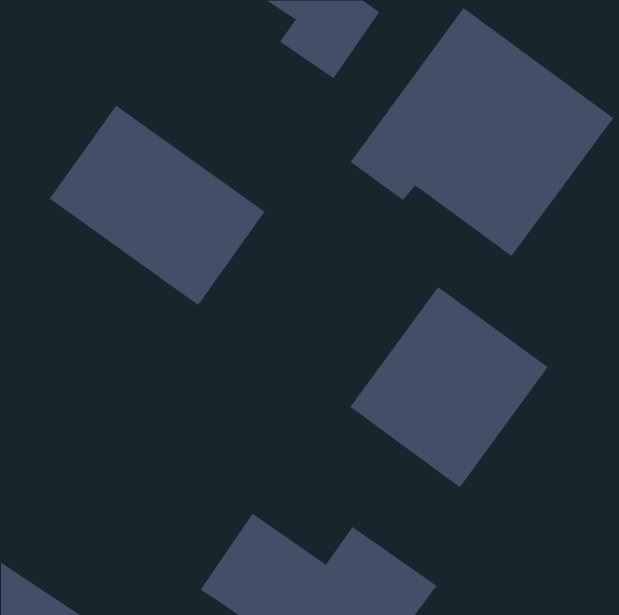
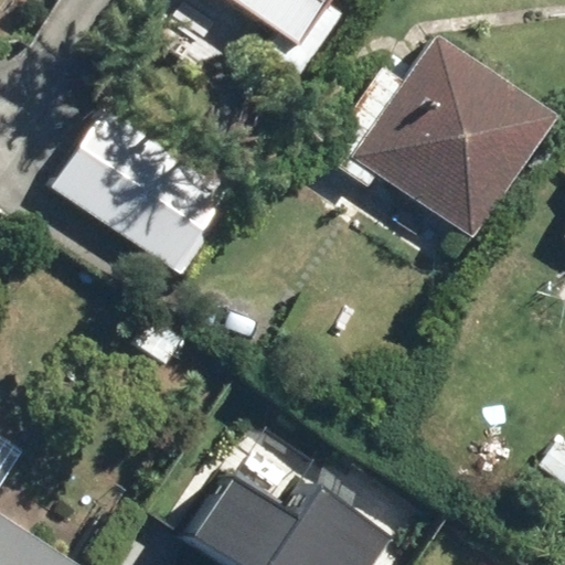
building: [349,286,549,488] -> none

